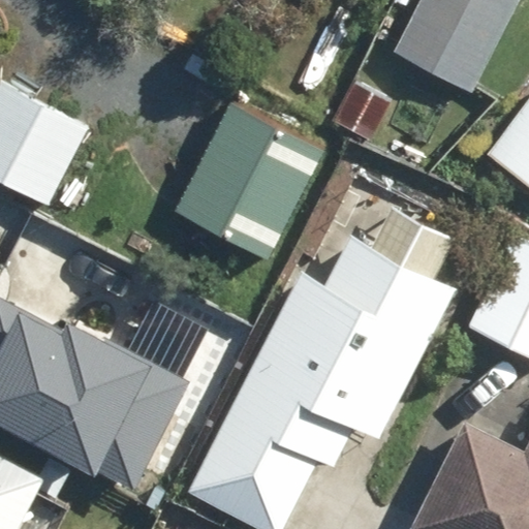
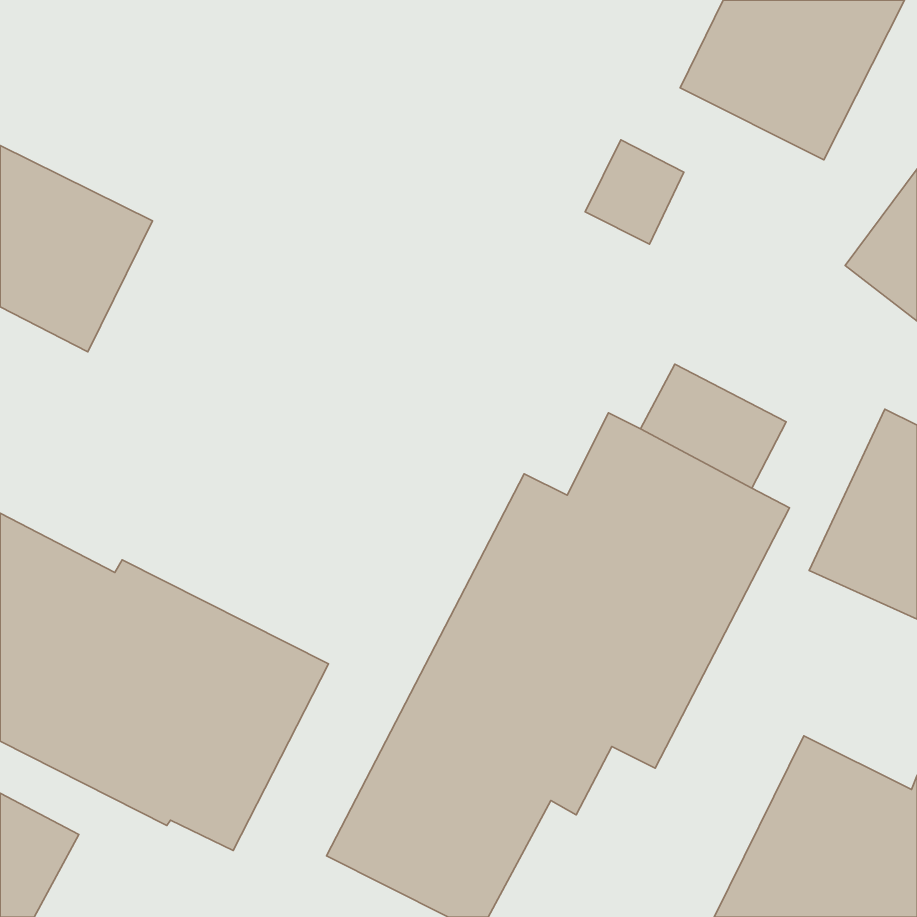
building: [176,99,326,261] -> none

